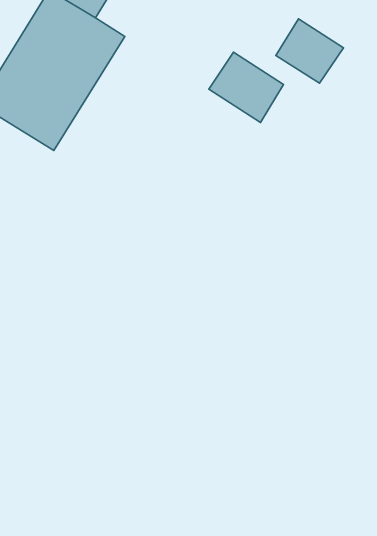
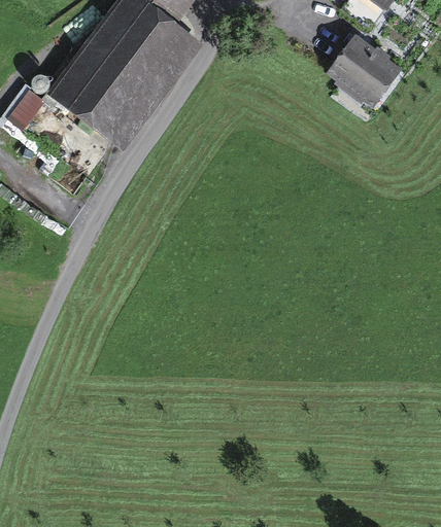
building: [209,52,283,122] -> none

